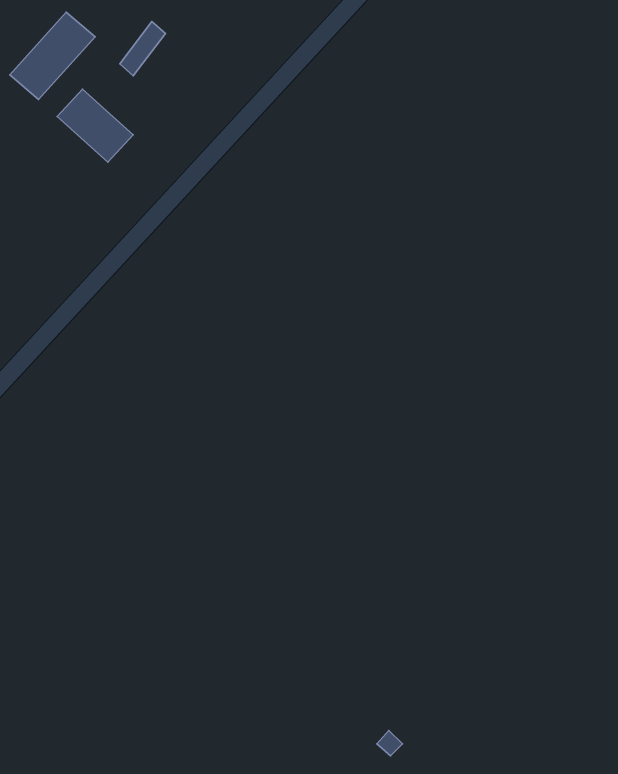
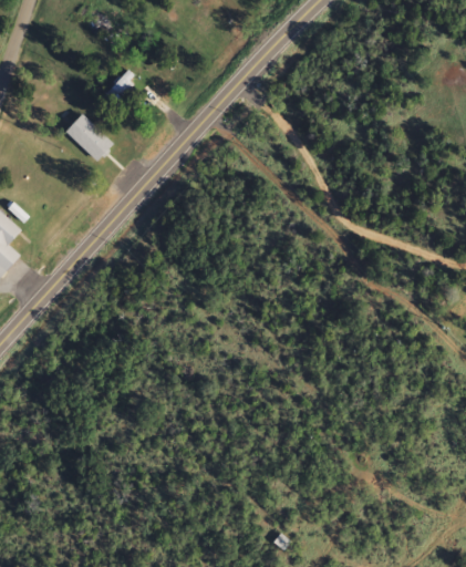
building: [10,12,95,100] -> none

